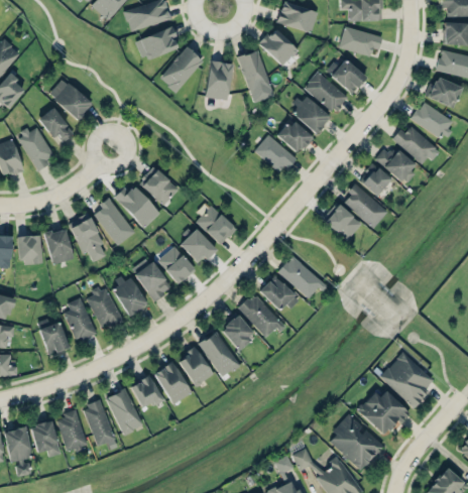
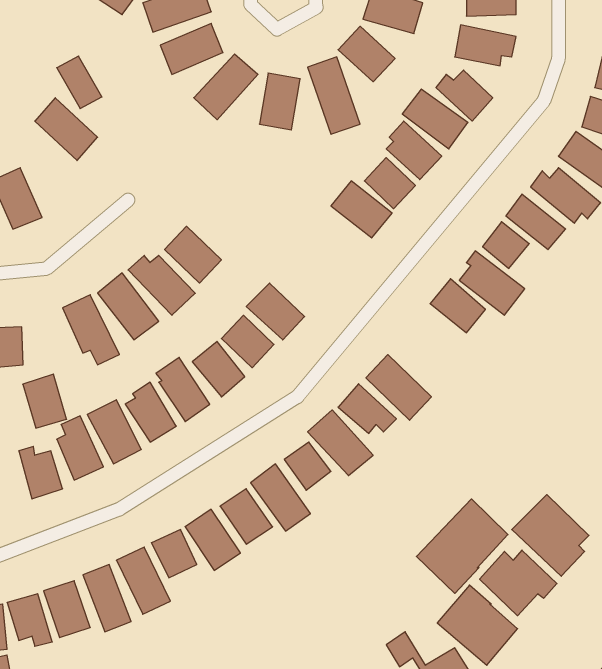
building: [41,108,73,144] -> [57,56,102,109]
building: [43,227,74,264] -> [23,374,67,428]
building: none -> [416,499,508,593]

